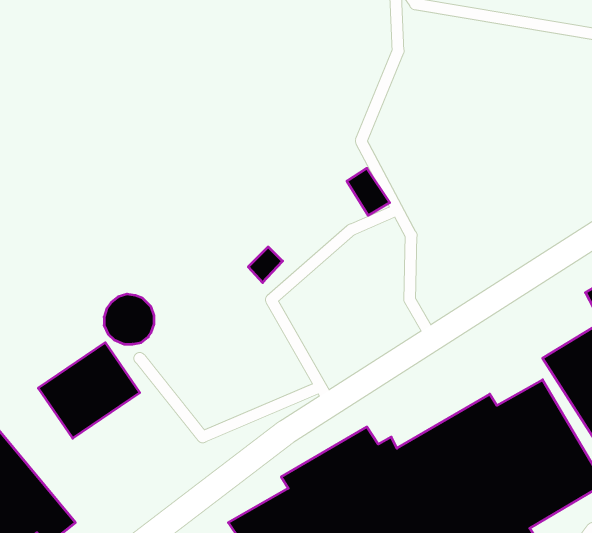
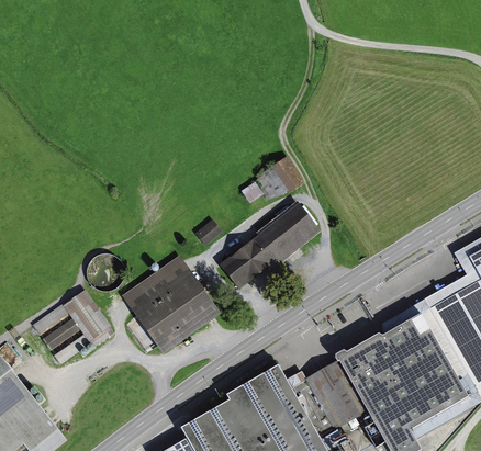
building: none -> [221,202,316,286]
building: none -> [122,256,220,353]

